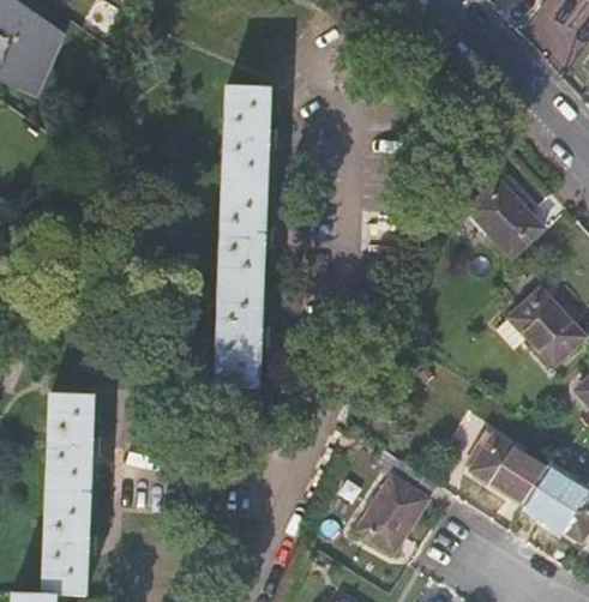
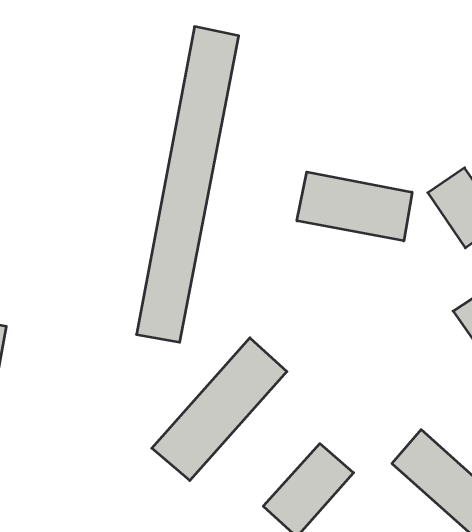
building: none -> [297,172,412,241]
building: none -> [152,338,287,481]

